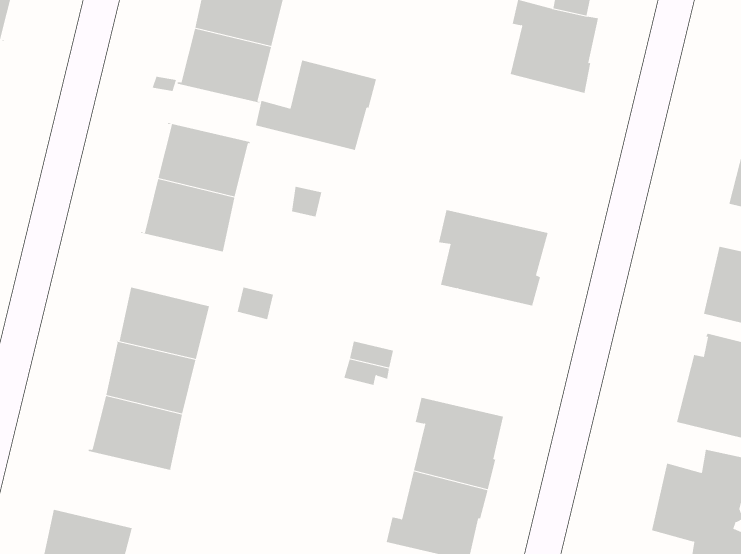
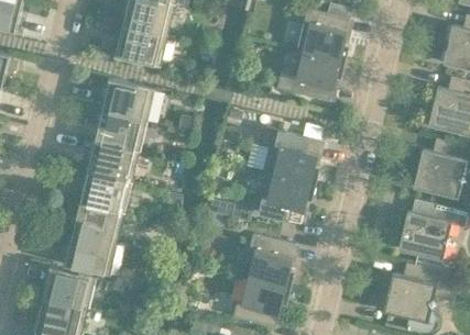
building: [255,60,377,151] -> [275,52,345,103]
building: none -> [86,142,139,183]
building: none -> [256,174,315,225]
building: none -> [42,267,95,310]

